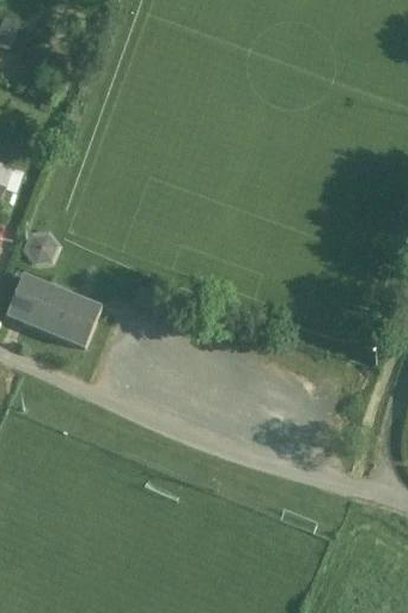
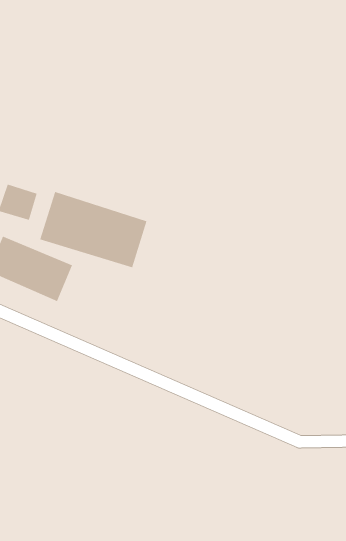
building: none -> [39,191,147,268]

